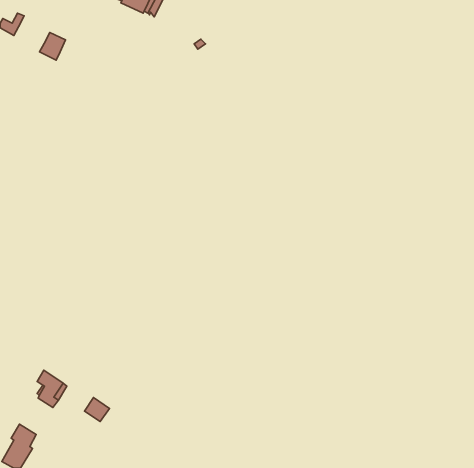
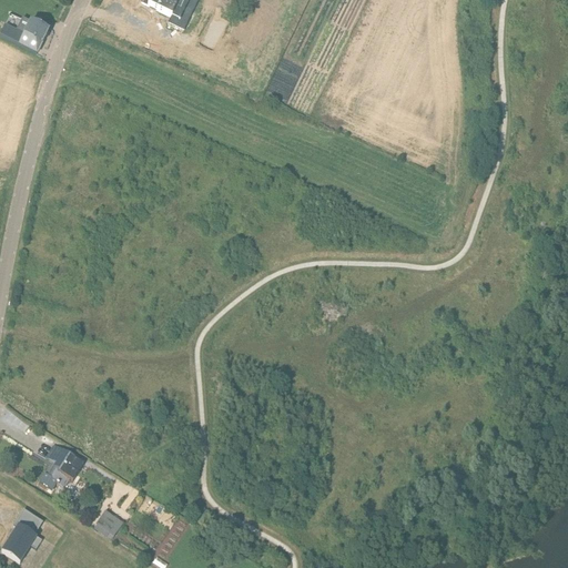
building: [40,32,66,60] -> [18,19,49,52]
building: [84,397,109,422] -> [93,508,123,537]

